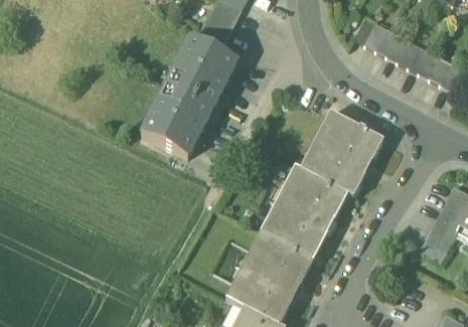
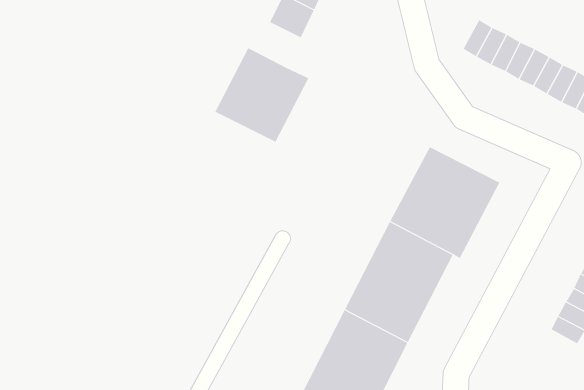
building: [197,19,231,53] -> none
building: [143,87,212,155] -> none

